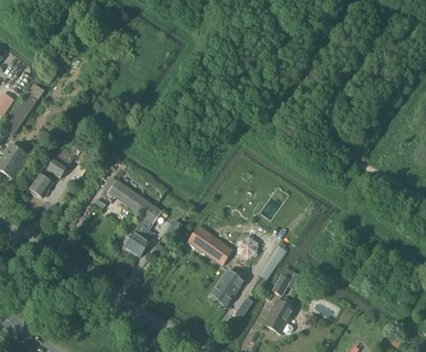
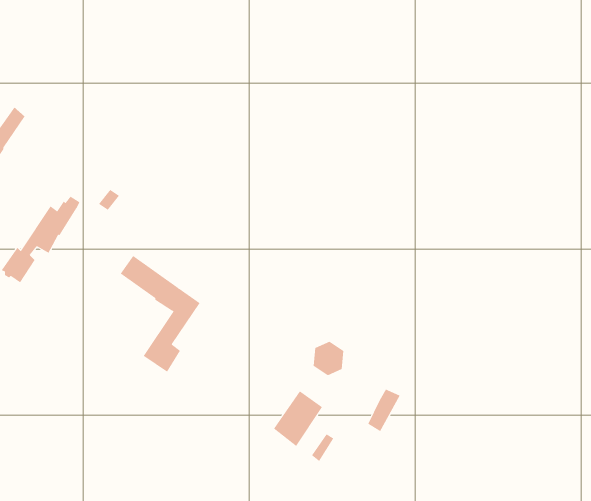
building: [187,222,232,264] -> none
building: [263,298,294,332] -> none

